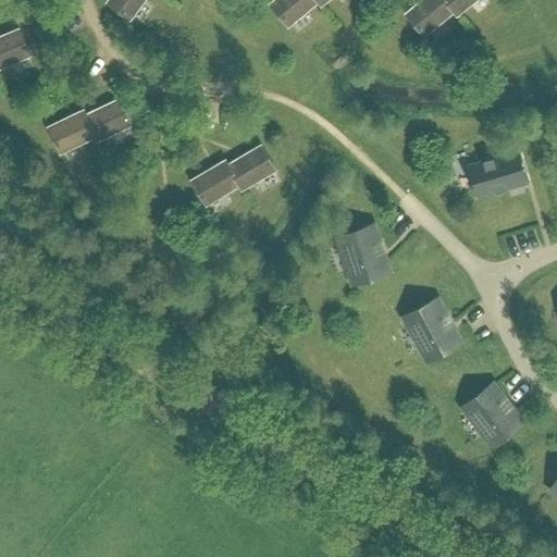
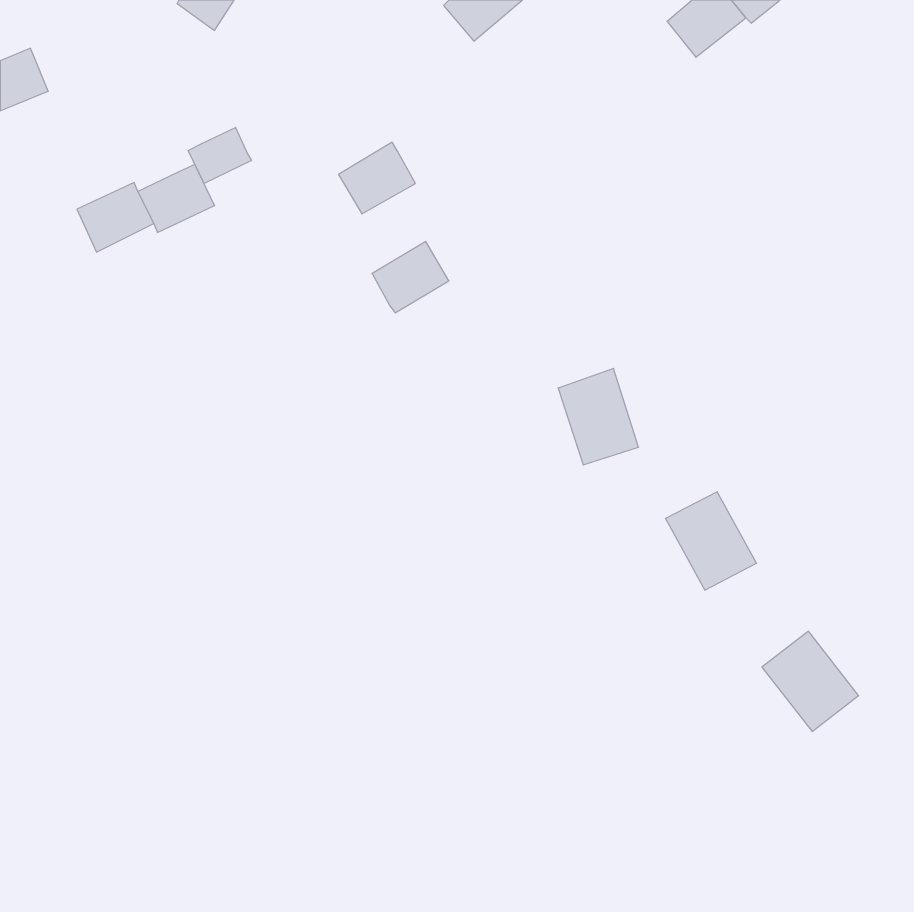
building: none -> [188,127,251,184]
building: [467,150,529,199] -> none
building: [190,162,237,206] -> [339,142,415,214]

